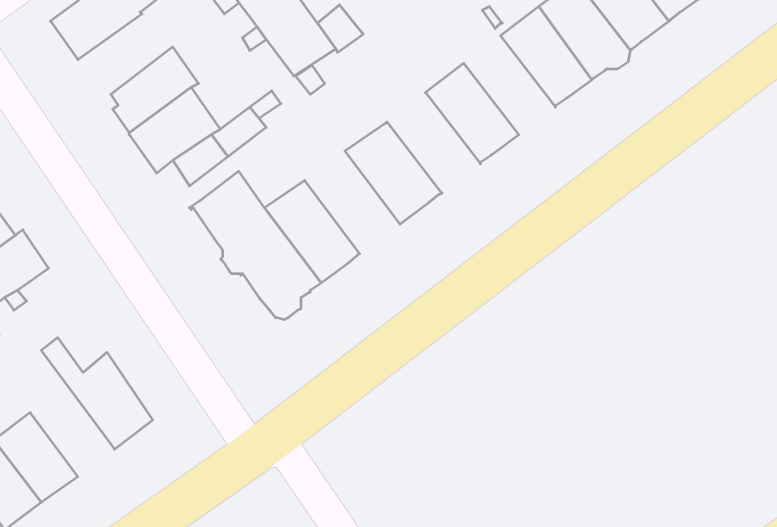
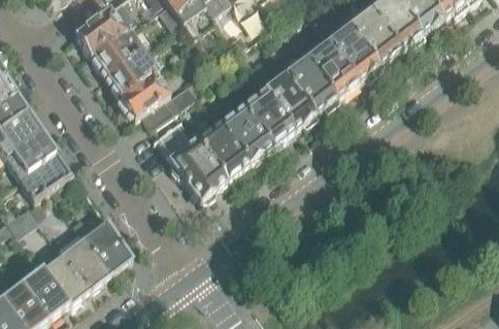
building: none -> [89,25,142,72]
building: none -> [306,39,358,95]
building: none -> [263,71,315,128]
building: none -> [217,104,270,162]
building: none -> [62,217,109,288]

